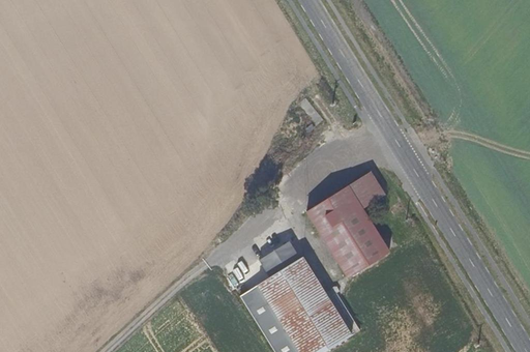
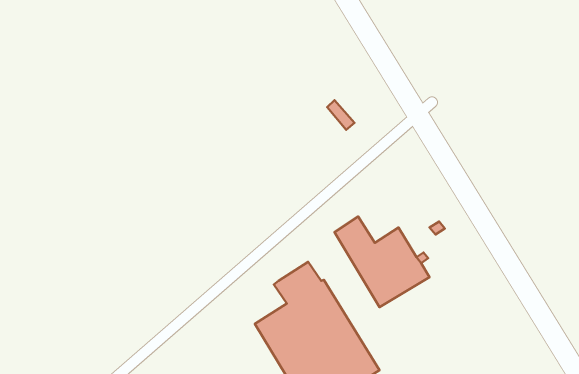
building: [329,172,387,222] -> none

